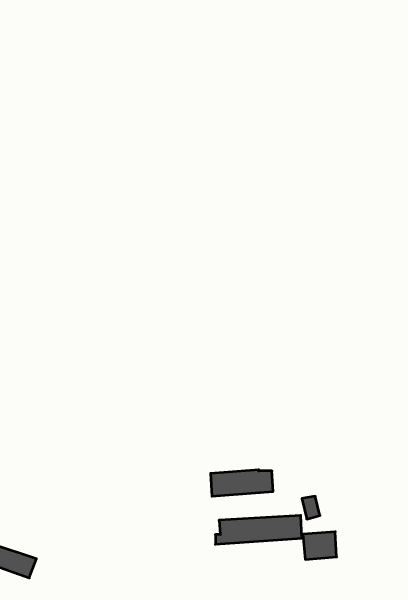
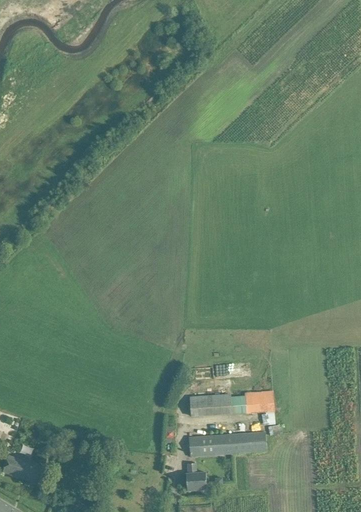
building: [303,532,337,559] -> [245,390,273,413]
building: none -> [186,463,206,491]

